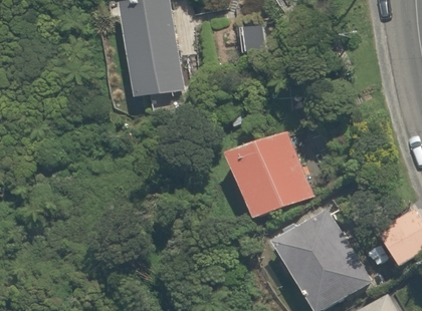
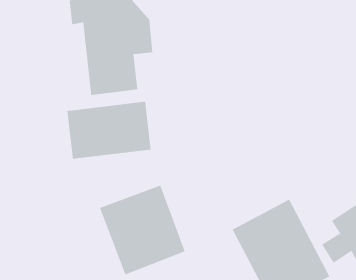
building: none -> [67,101,151,160]
building: [225,128,312,220] -> [99,185,186,275]

